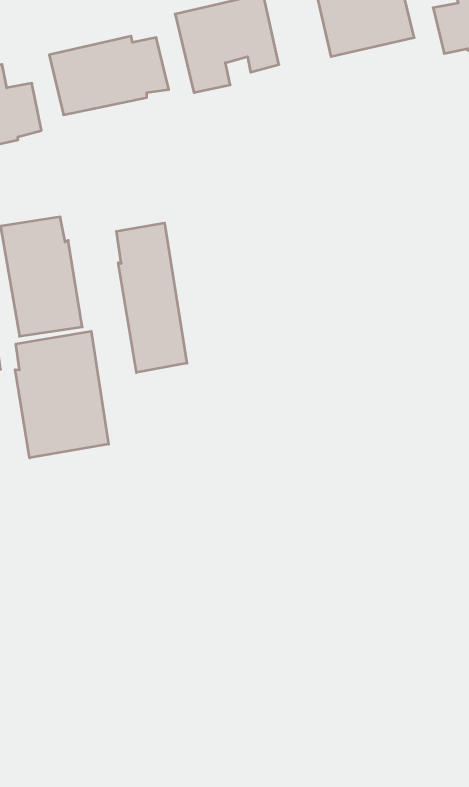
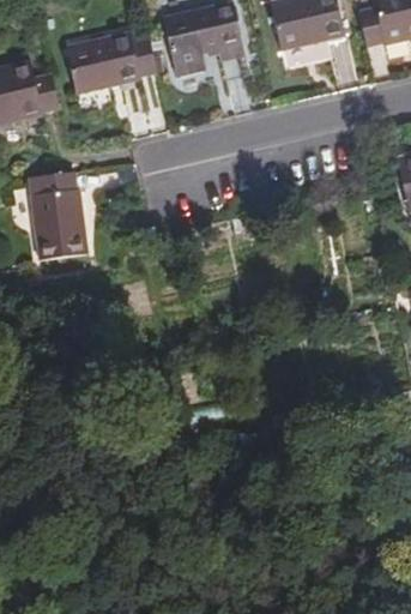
building: [116,223,187,373] -> none
building: [15,331,109,458] -> none

